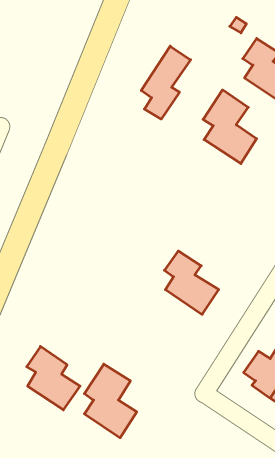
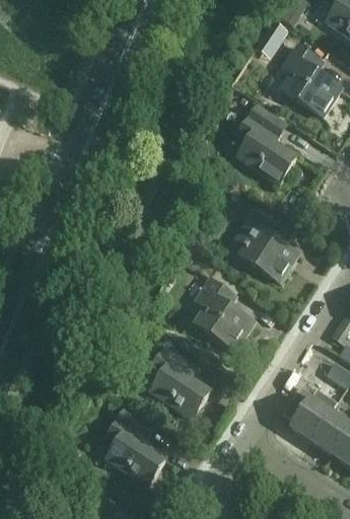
building: [141,46,191,119] -> none
building: none -> [235,211,297,281]
building: [27,346,80,410] -> [150,346,209,416]

